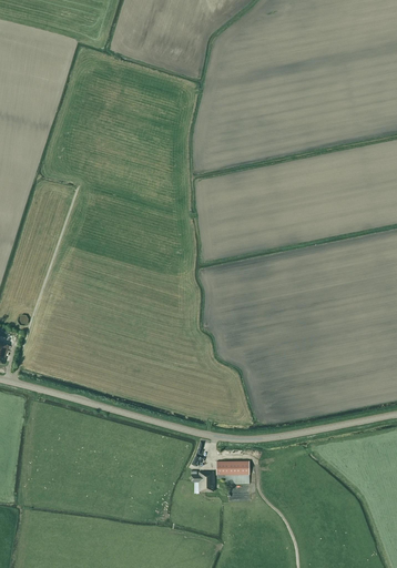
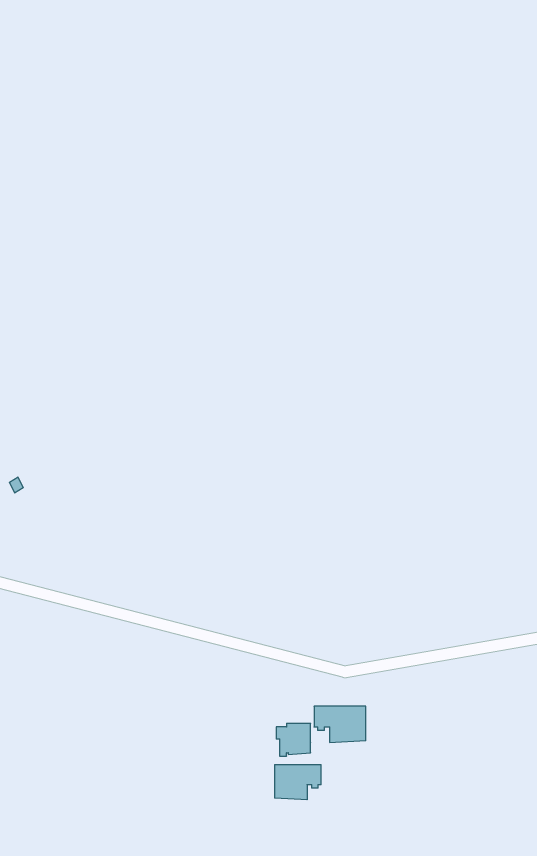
building: none -> [275,765,321,800]

